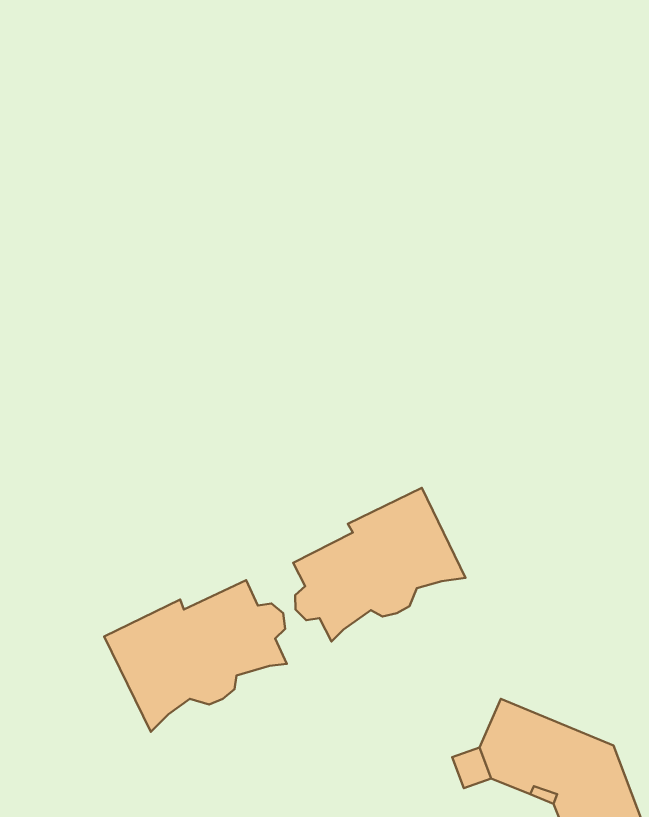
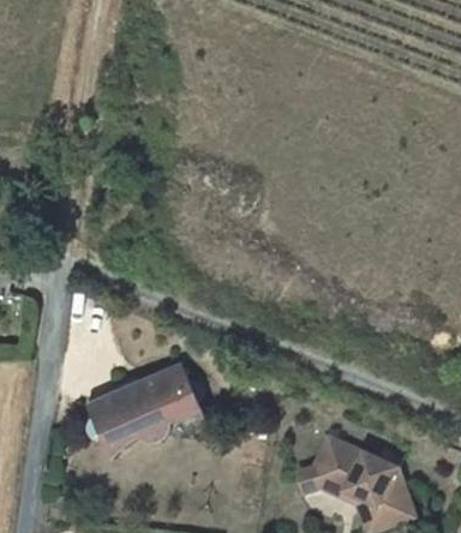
building: [293,488,466,642] -> none

